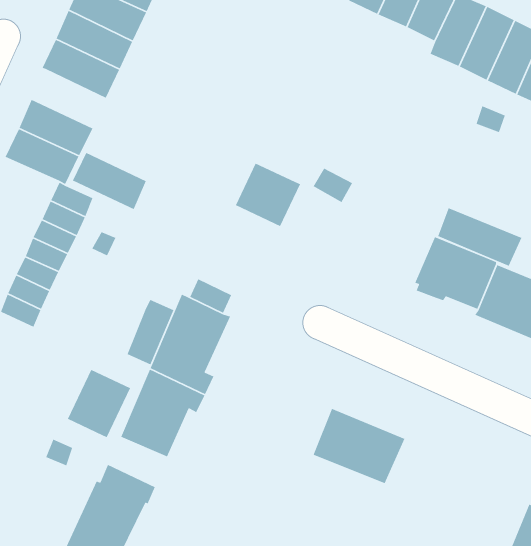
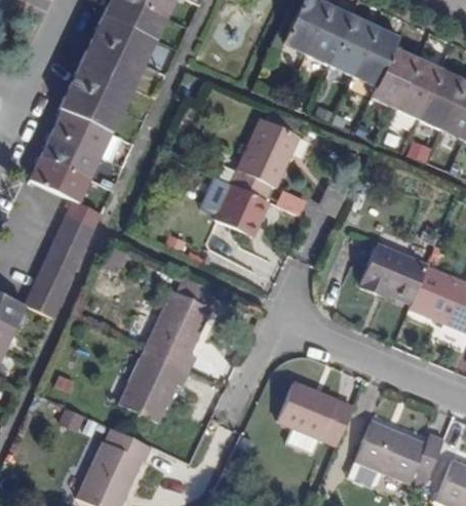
building: none -> [217,119,298,199]
building: [72,152,147,210] -> [50,109,111,156]
building: [437,207,522,267] -> none
building: [126,299,174,366] -> none
building: [67,369,131,438] -> none
building: none -> [354,420,444,483]

